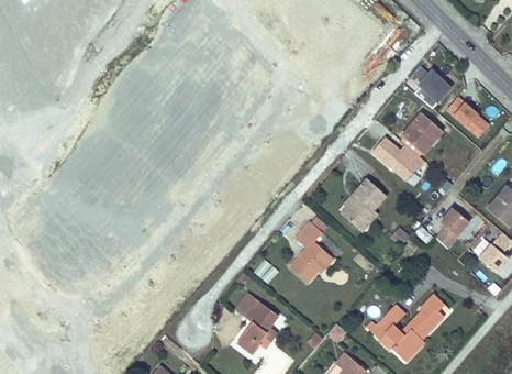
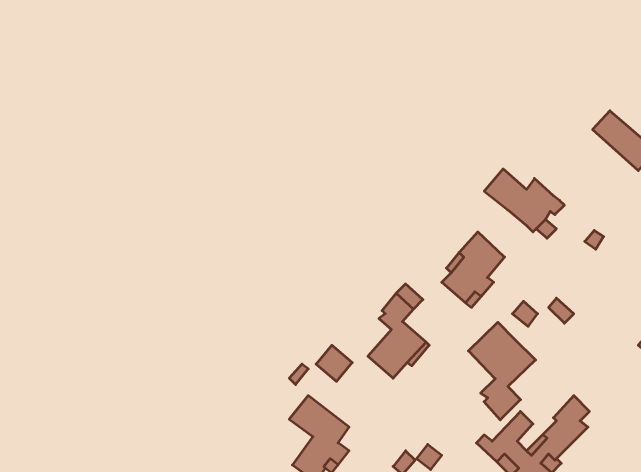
building: [415,66,452,107] -> none
building: [401,110,443,154] -> none
building: [435,208,469,249] -> none
building: none -> [468,322,536,420]

